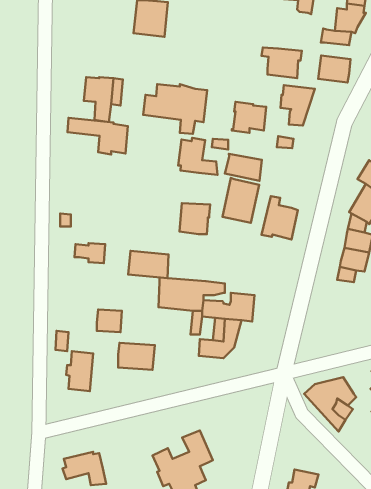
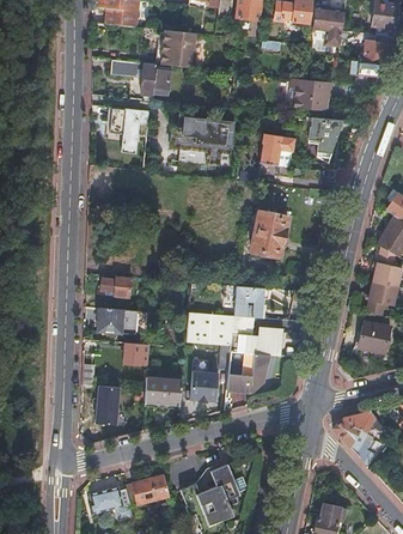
building: [318,55,350,83] -> none
building: [67,118,128,155] -> [110,59,171,96]
building: [178,138,217,175] -> none
building: [225,154,262,181] -> none
building: [262,196,298,240] -> none
building: [179,203,210,234] -> [233,285,264,316]
building: [128,251,169,278] -> [97,307,138,334]
building: none -> [359,321,390,352]
building: none -> [189,358,218,402]
building: none -> [133,475,169,504]

